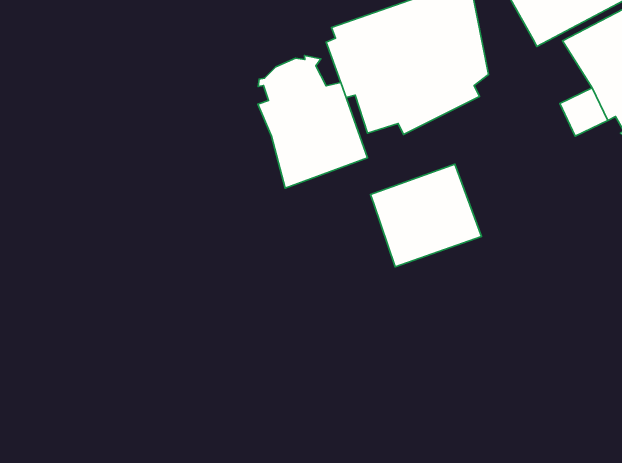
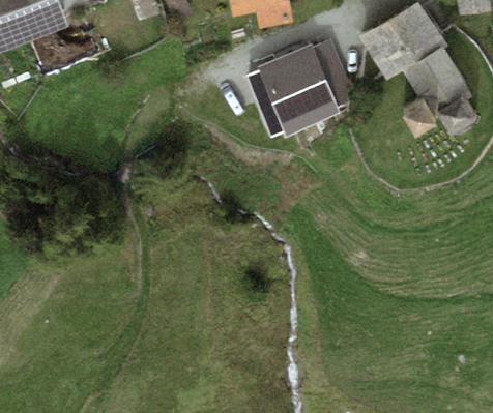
building: [258,55,367,188] -> none
building: [370,164,482,267] -> none

